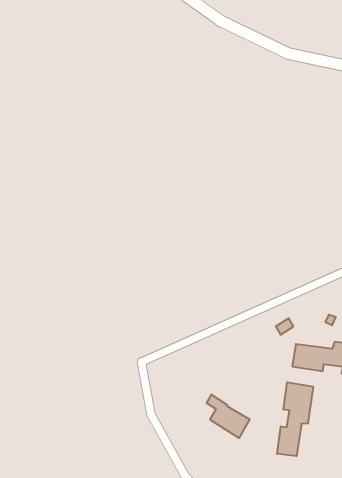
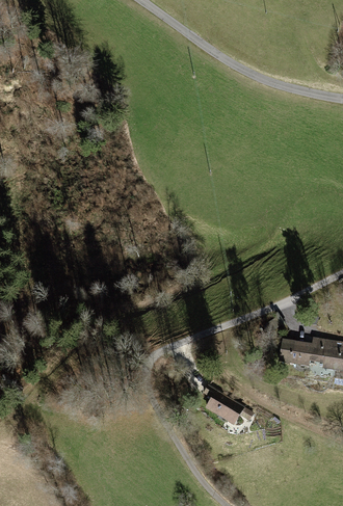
building: [277,382,313,456] -> none

